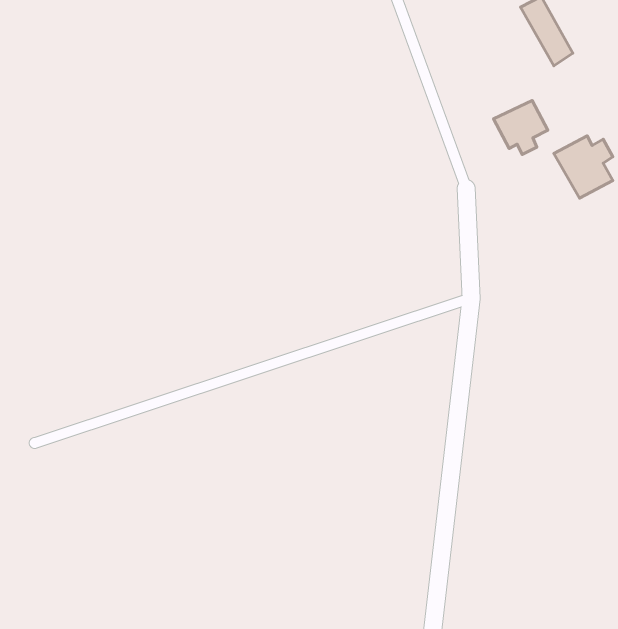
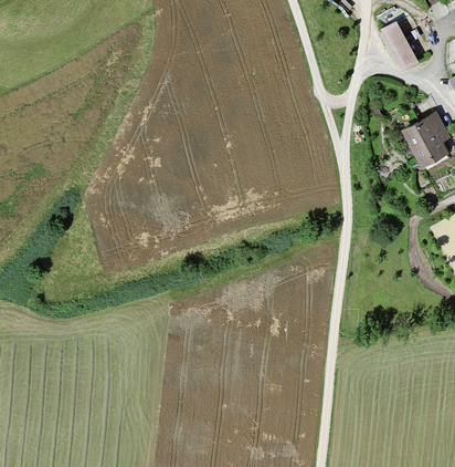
building: [494,100,548,155] -> none

